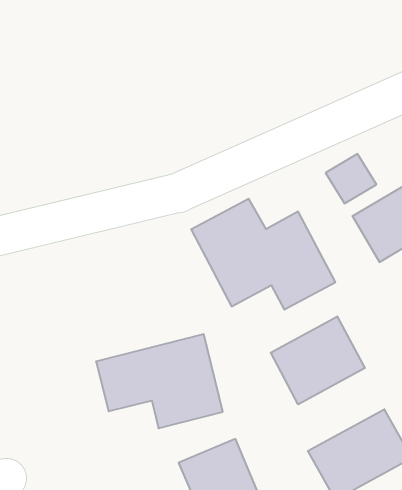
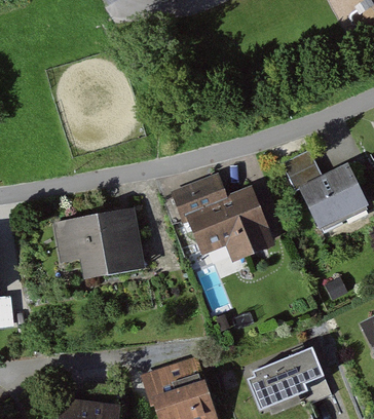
building: [271,316,365,404] -> none
building: [96,334,223,428] -> [48,212,142,280]

